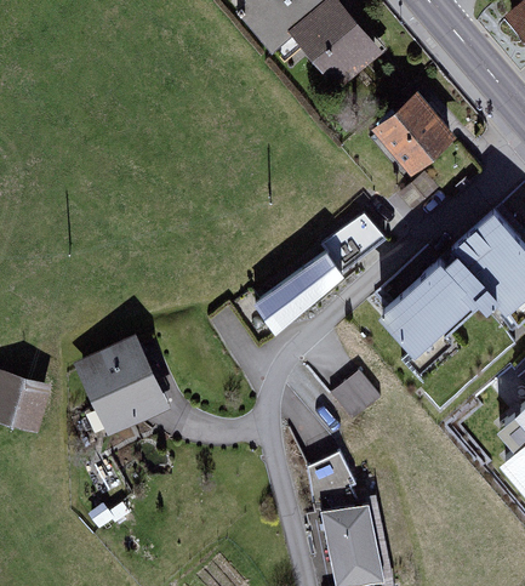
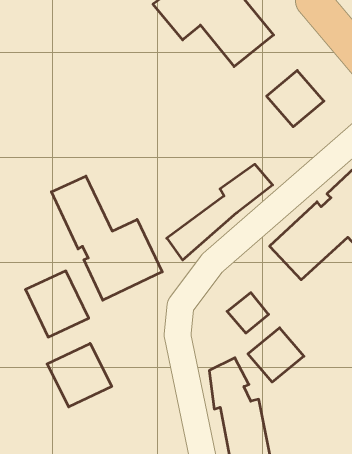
building: none -> [51,176,162,300]
building: none -> [248,328,304,382]
building: none -> [47,343,112,407]

